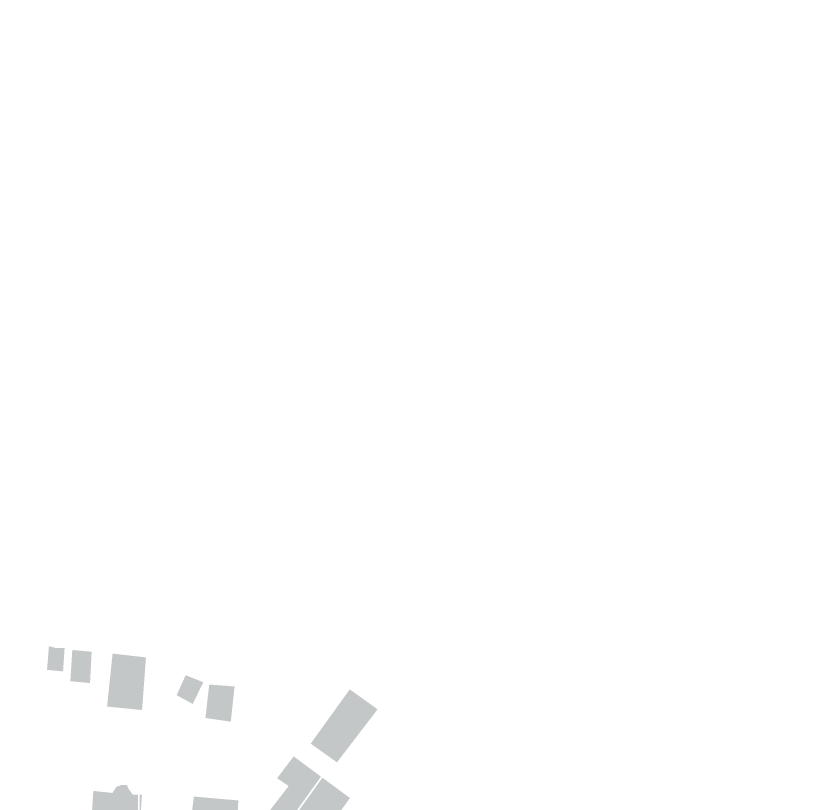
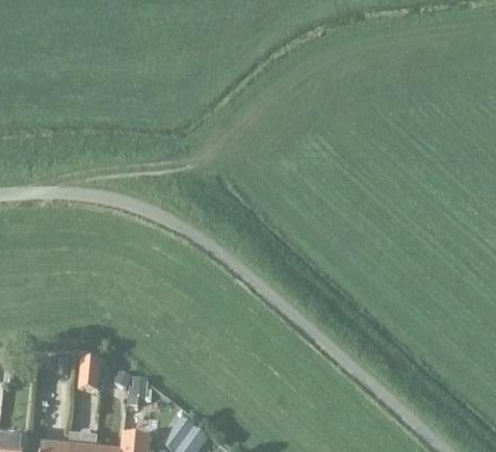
building: [310,688,379,764] -> none

